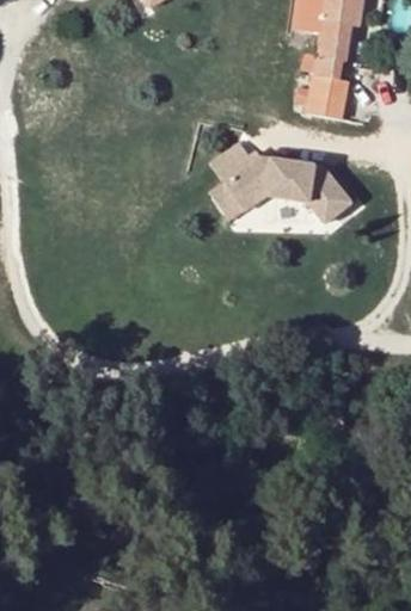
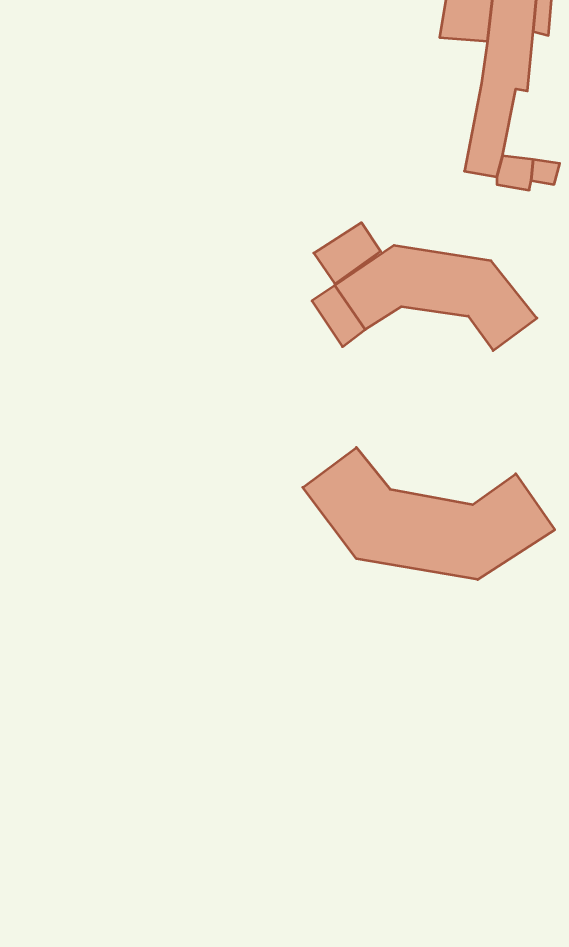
building: none -> [303,447,555,580]

